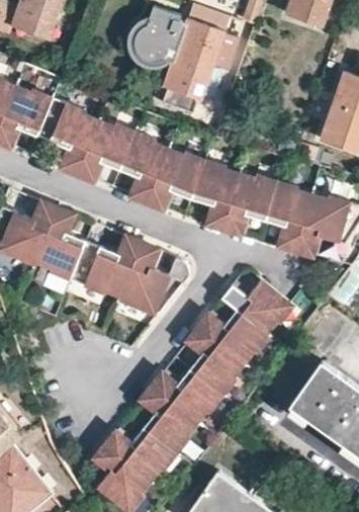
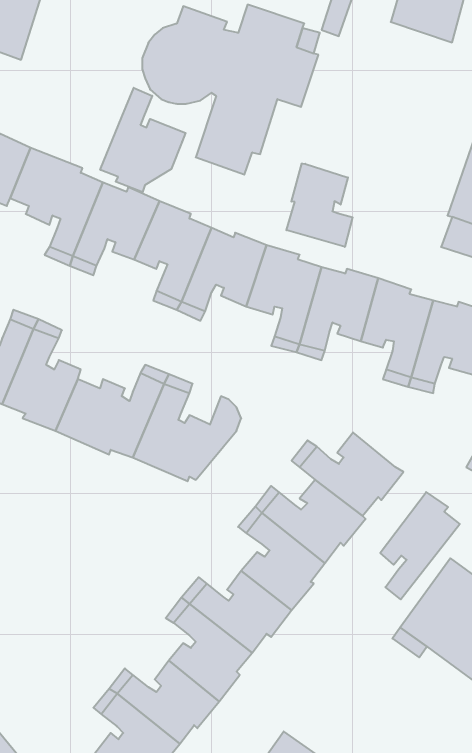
building: none -> [100,88,186,192]
building: none -> [286,163,353,247]
building: none -> [380,492,460,599]

